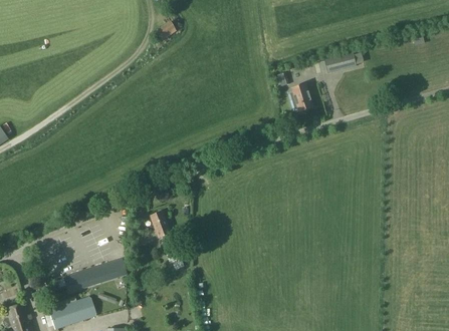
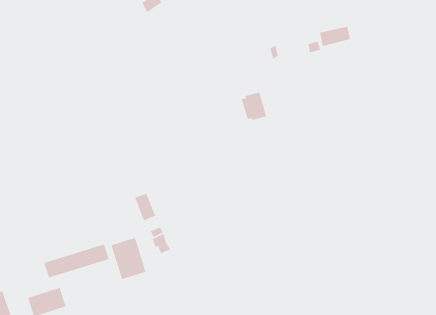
building: [288,83,313,111] -> [241,91,267,121]
building: none -> [111,237,146,280]

